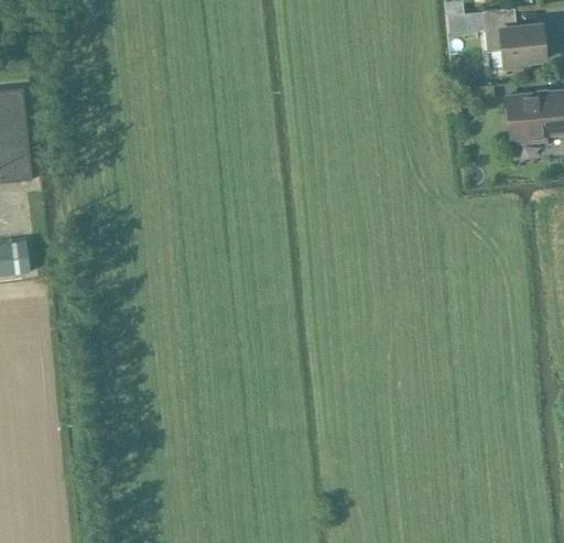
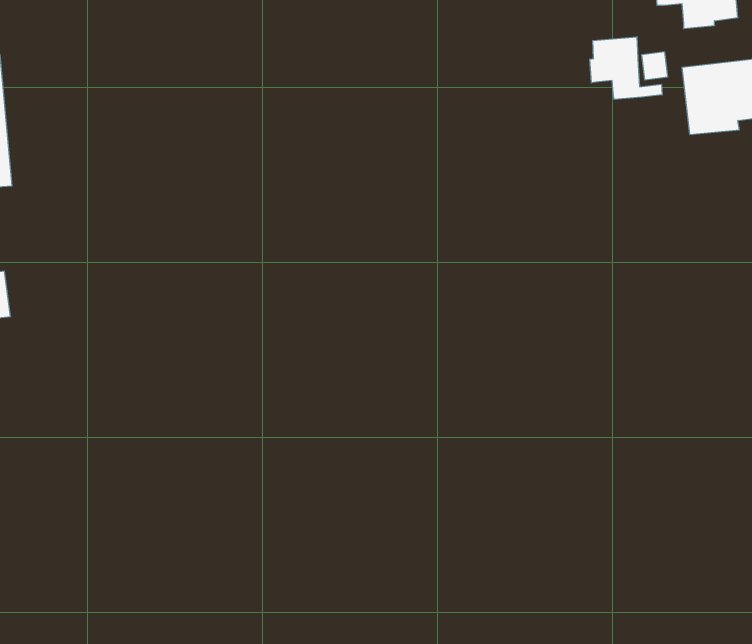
building: none -> [590,37,662,99]

